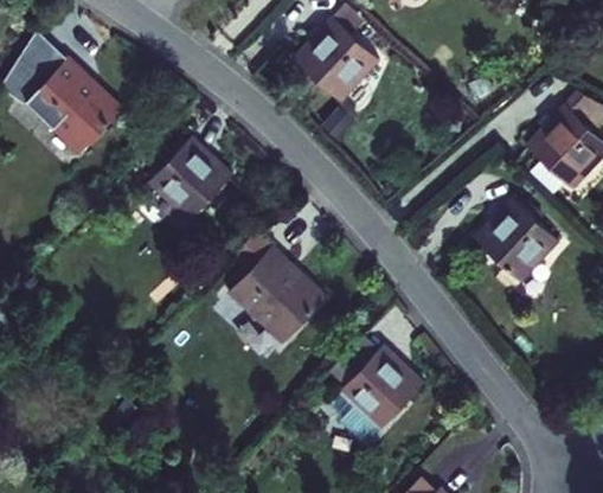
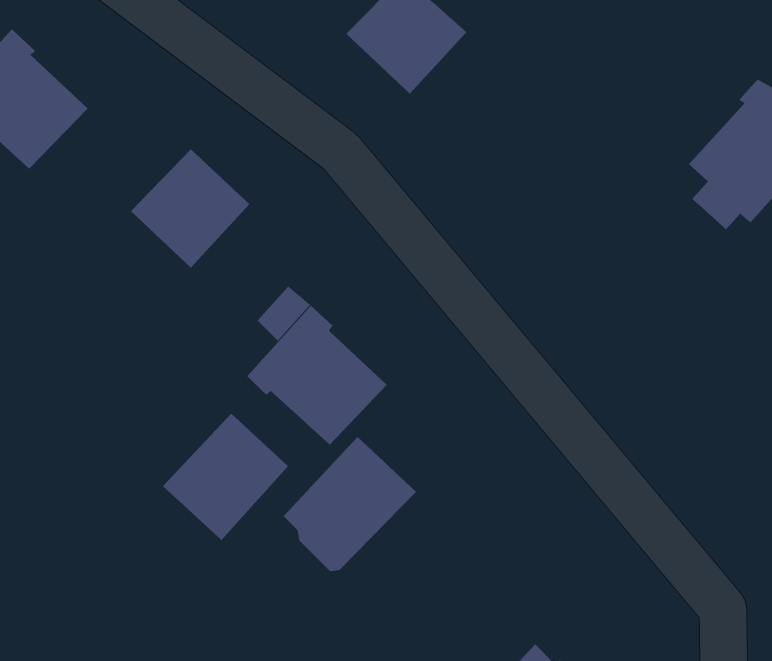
building: [476,199,557,281] -> none
building: none -> [162,413,289,541]
building: [331,346,422,438] -> [283,436,417,572]

